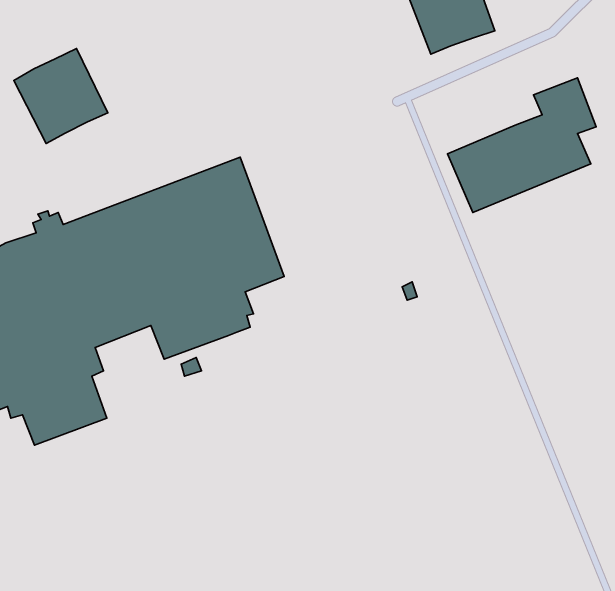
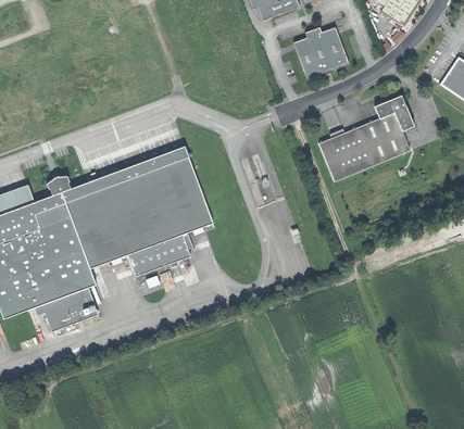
building: [14,49,108,143] -> none

